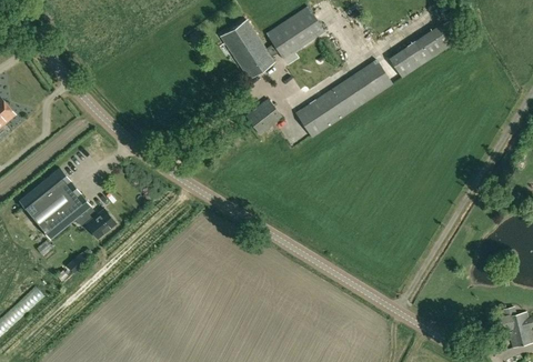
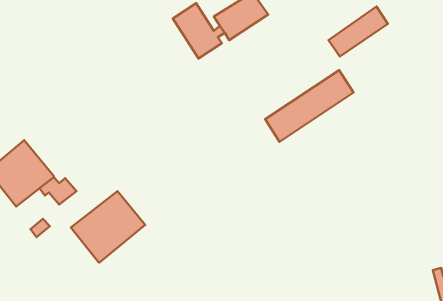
building: [295,59,391,137] -> [265,70,353,142]
building: [245,99,281,134] -> none
building: none -> [71,191,145,262]

